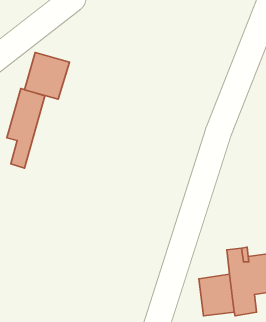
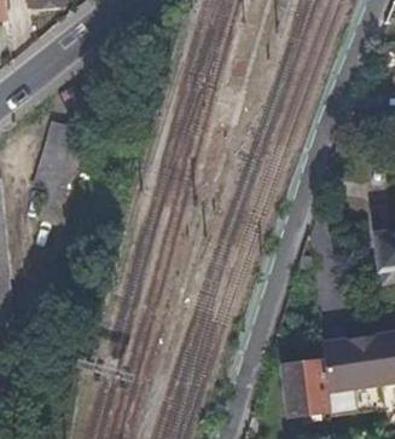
building: [25,52,70,99] -> none

